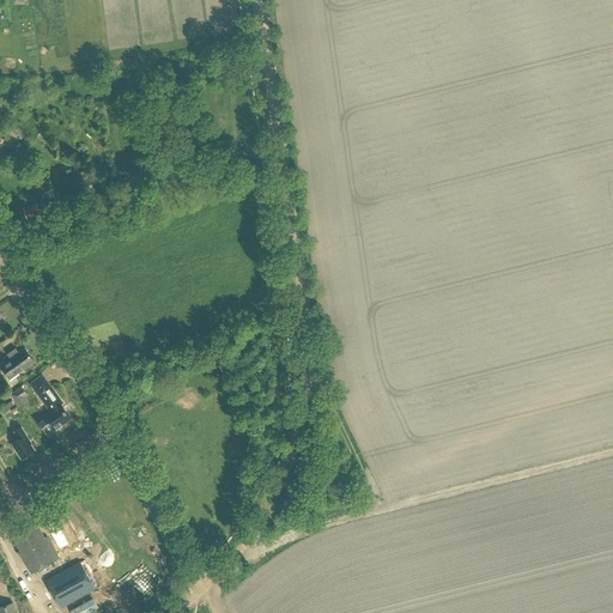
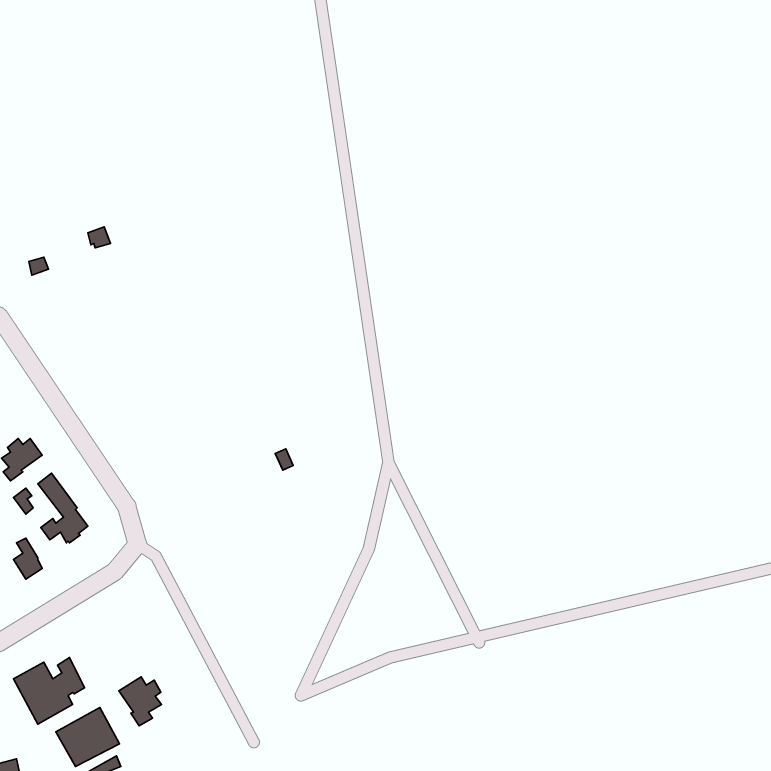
building: none -> [119,677,162,726]

